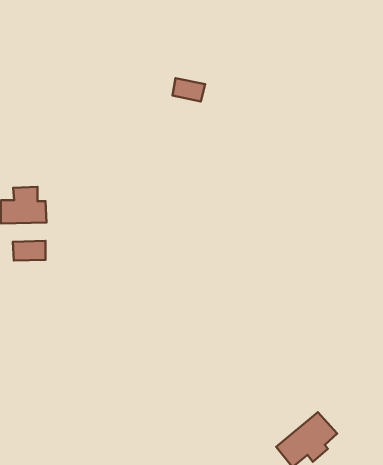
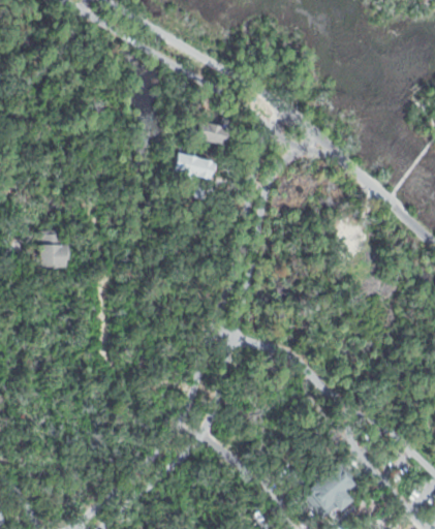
building: none -> [179,153,215,180]
building: [13,241,46,261] -> none

